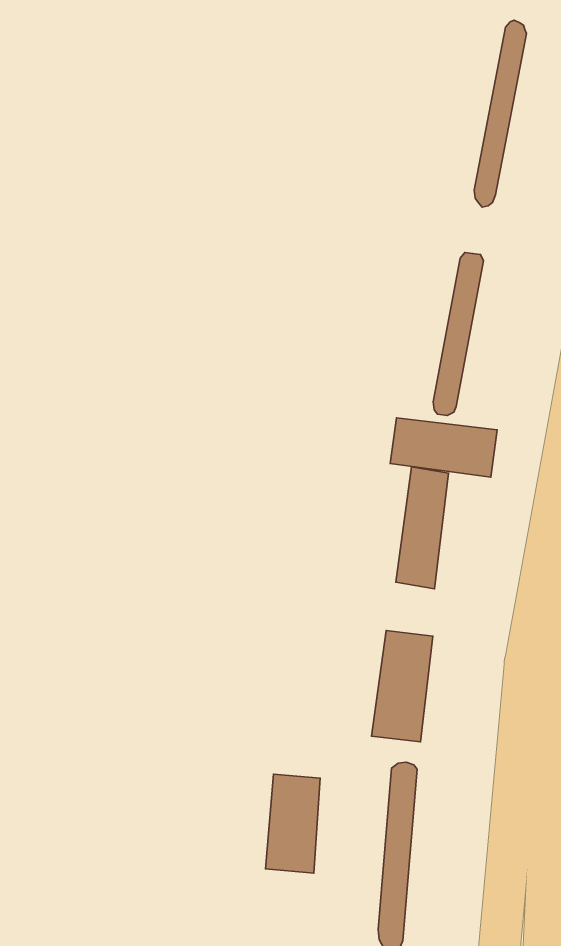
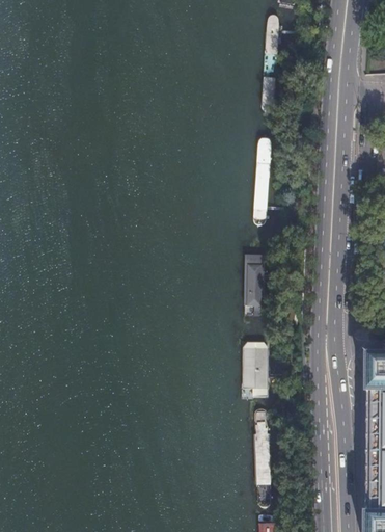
building: [390,418,497,477] -> none
building: [266,774,320,873] -> none

